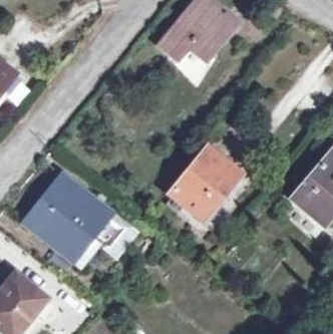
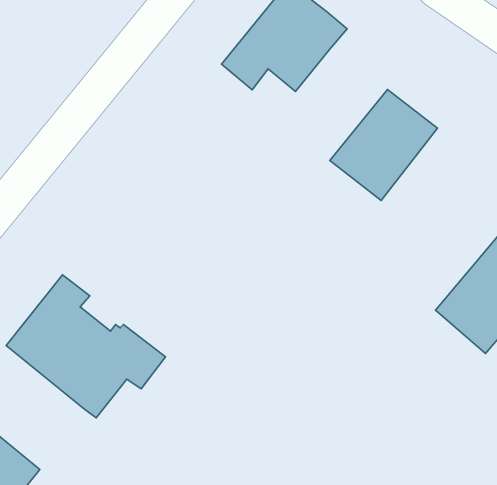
building: [170,148,237,218] -> [330,90,437,201]

